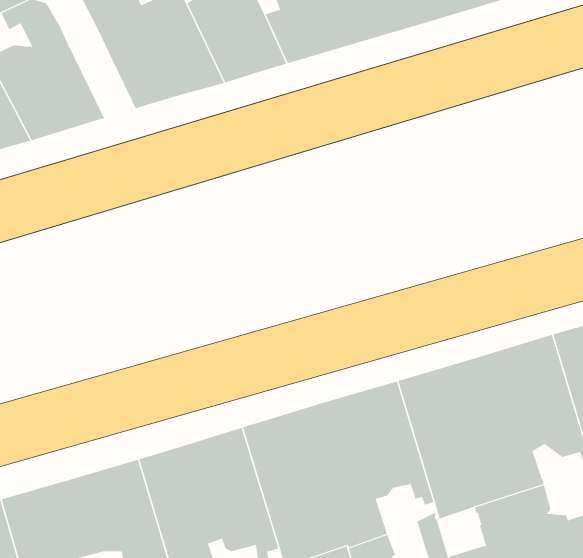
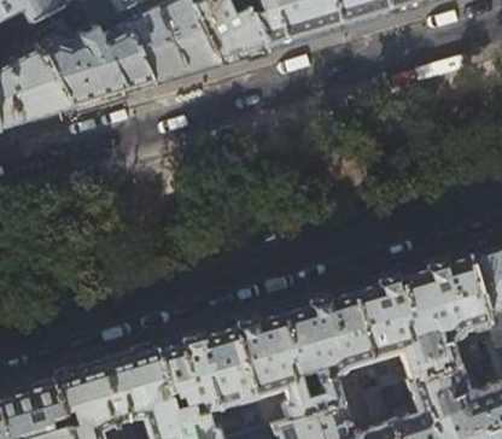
building: none -> [101,25,152,93]

